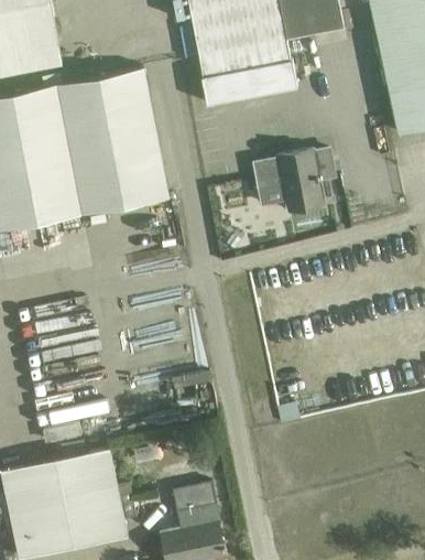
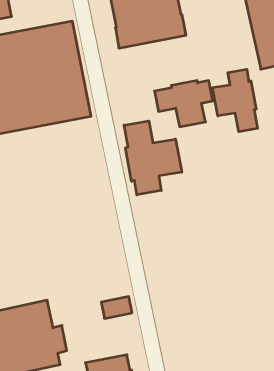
building: none -> [213,69,258,132]
building: none -> [124,121,182,195]
building: [174,483,216,513] -> [101,297,132,318]

